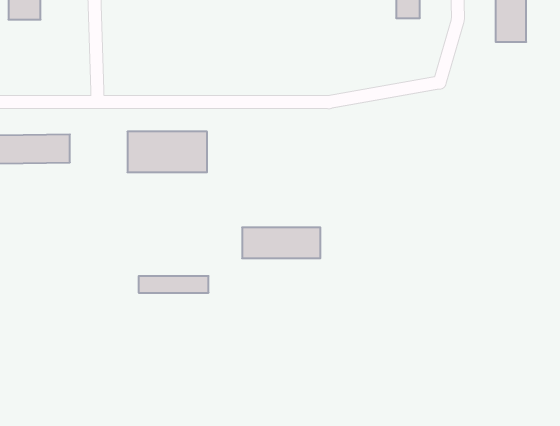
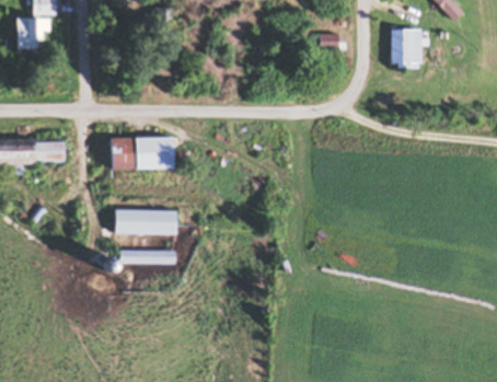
building: [242,227,320,258] -> [115,210,176,234]

